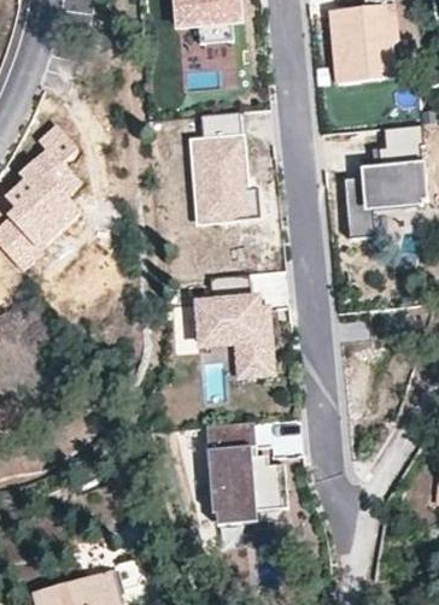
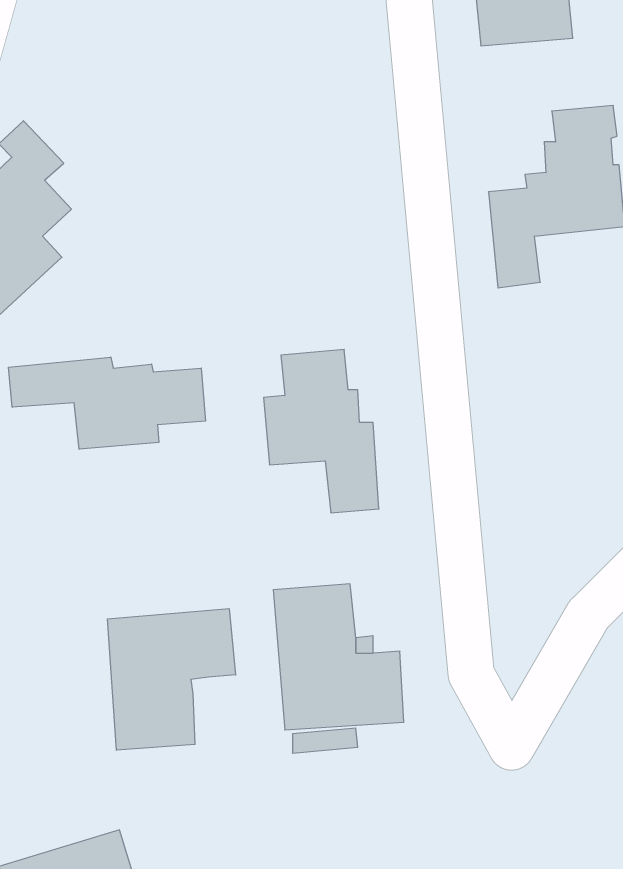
building: [193,113,261,223] -> none
building: none -> [9,357,205,449]
building: none -> [108,609,236,750]

